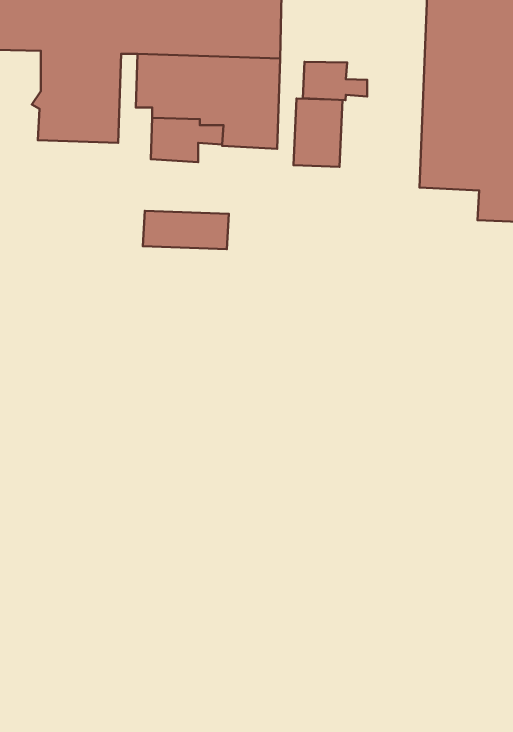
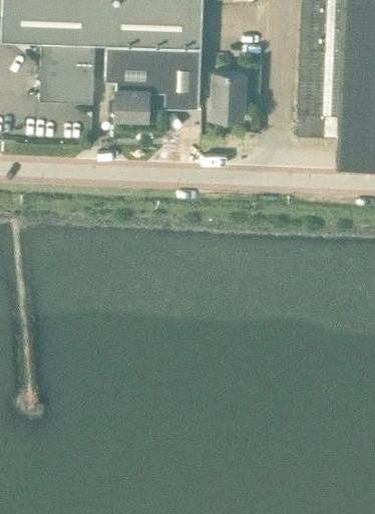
building: [303,62,367,100] -> none
building: [143,211,229,249] -> none

